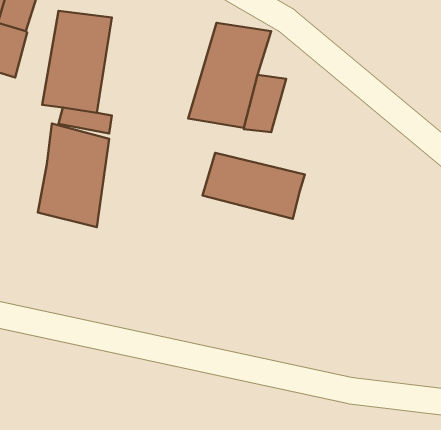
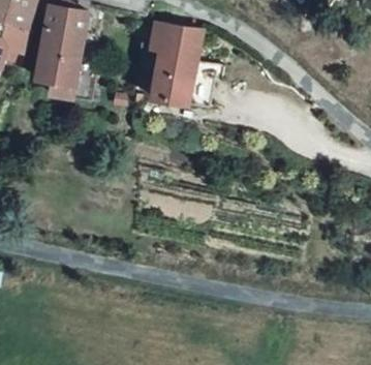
building: [38,124,109,227] -> none
building: [203,153,305,219] -> none

